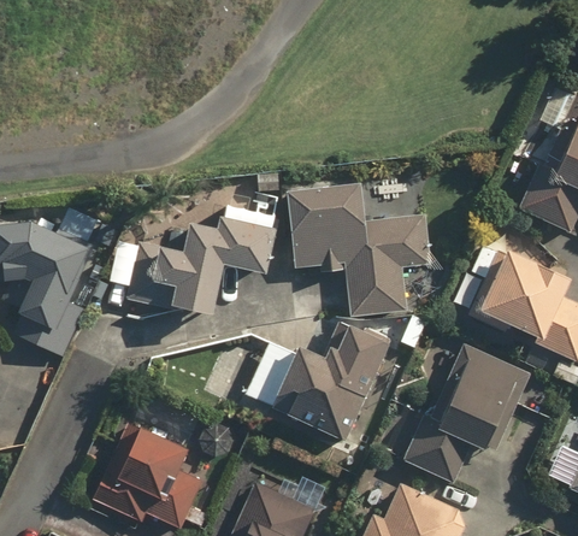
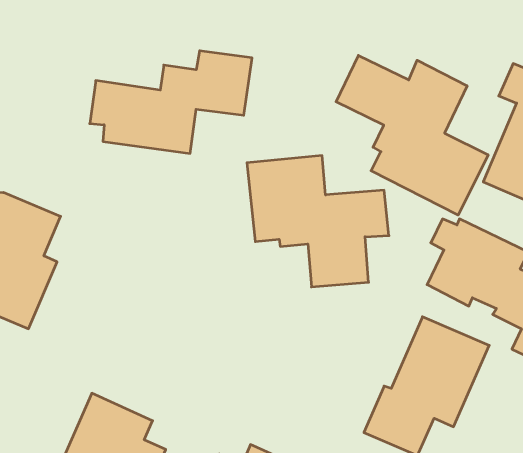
building: none -> [336,55,488,215]
building: [113,207,277,311] -> [90,51,252,153]
building: [244,320,393,441] -> none

